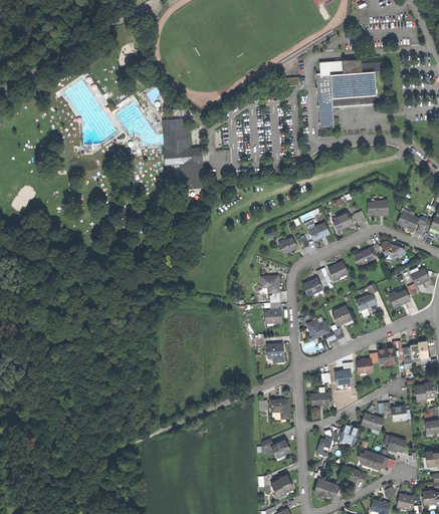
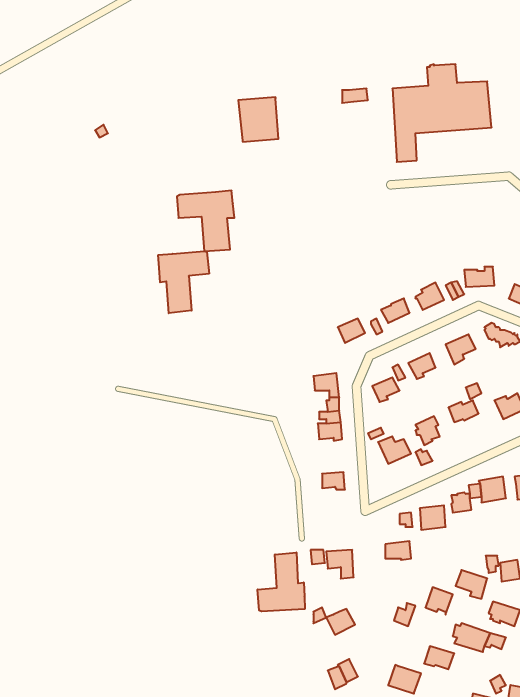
building: [165,119,193,151] -> [238,97,278,142]
building: none -> [158,251,209,313]
building: none -> [258,552,305,611]

